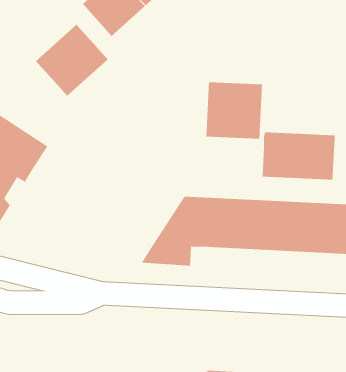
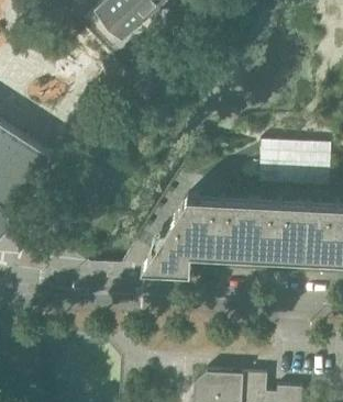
building: [35,24,108,97] -> none
building: [206,81,263,140] -> none

